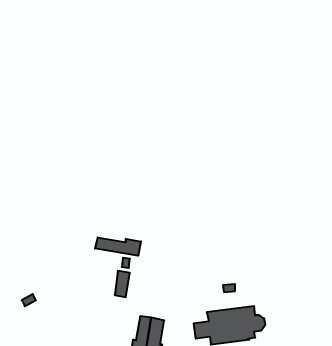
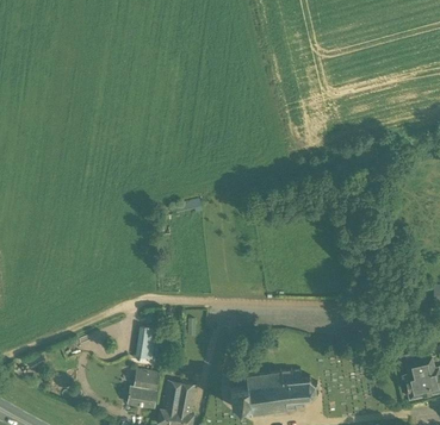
building: [95,237,141,256] -> none
building: none -> [128,370,159,408]

